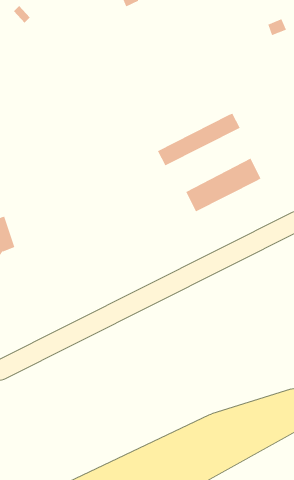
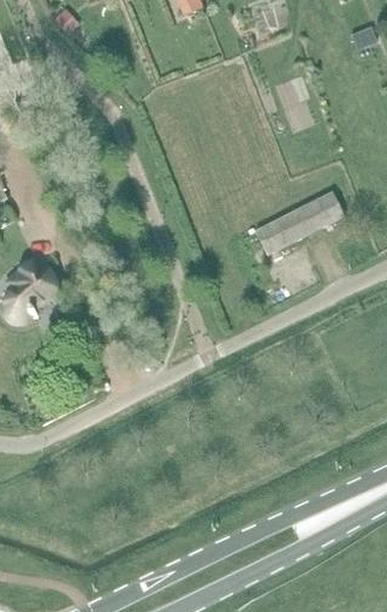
building: [157,113,240,166] -> none

